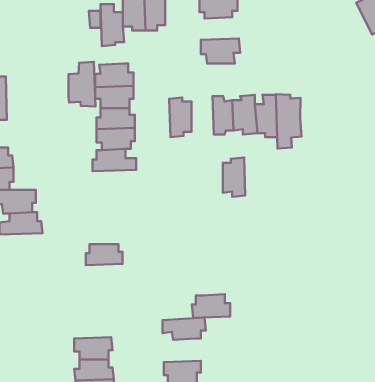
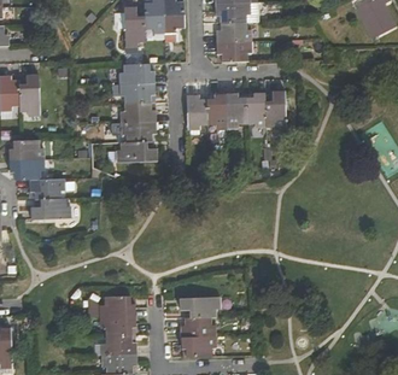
building: none -> [216,20,251,41]
building: [69,62,96,106] -> none
building: [276,94,301,148] -> none
building: [223,157,245,197] -> [207,93,228,129]
building: [86,244,123,265] -> [100,295,134,315]
building: [192,294,230,318] -> [181,315,216,336]

